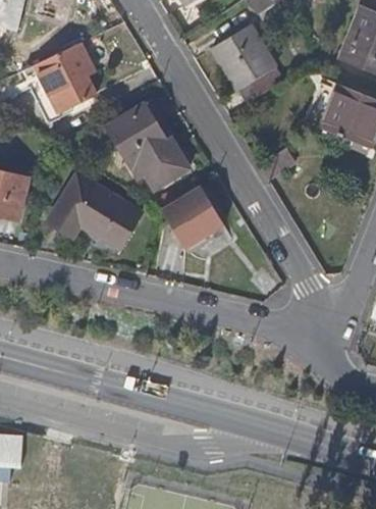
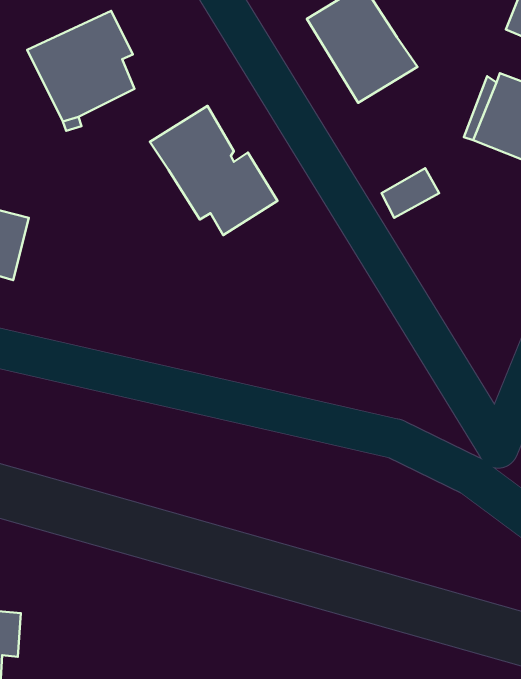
building: [50,163,143,249] -> none
building: [159,186,224,250] -> none

